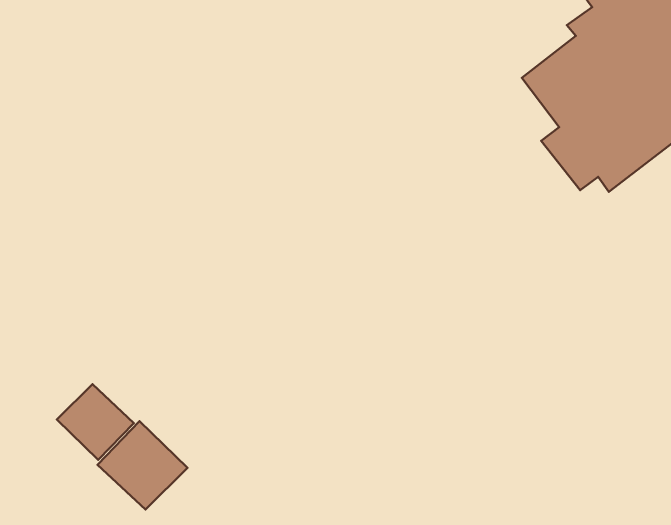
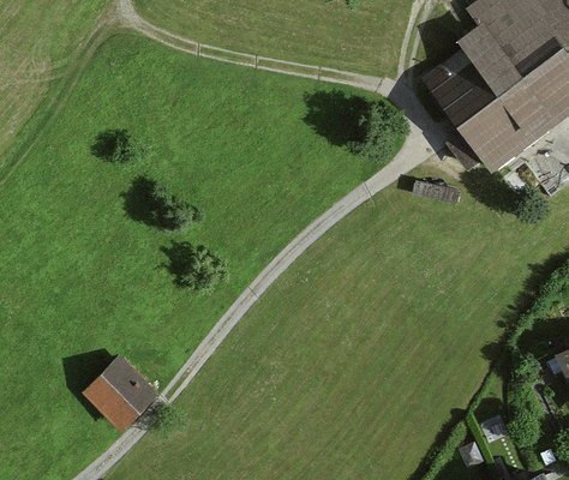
building: [57,384,134,460] -> none

